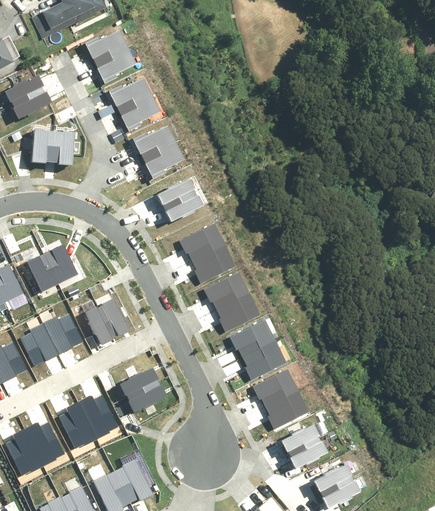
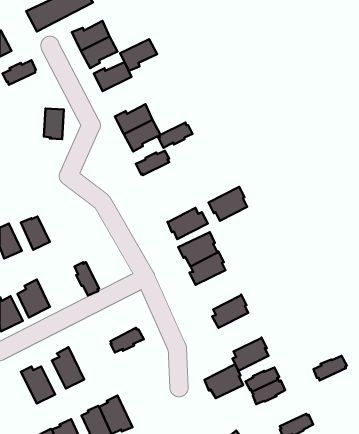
building: [11,89,50,116] -> none
building: [118,94,160,130] -> [120,39,157,71]
building: [29,129,53,163] -> none
building: [163,191,202,220] -> [158,122,192,148]
building: [180,220,224,259] -> [208,187,247,221]
building: [44,242,78,282] -> none
building: [99,297,128,336] -> none
building: [43,317,83,356] -> none
building: [231,320,275,359] -> none
building: [119,366,157,395] -> none
building: [254,368,298,407] -> [204,364,243,398]
building: [79,396,118,439] -> none
building: [6,430,43,477] -> none
building: [313,464,351,492] -> [313,356,347,380]

